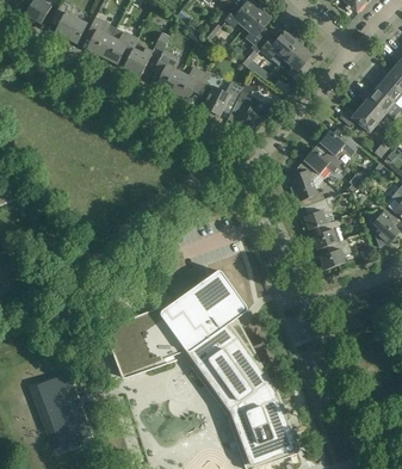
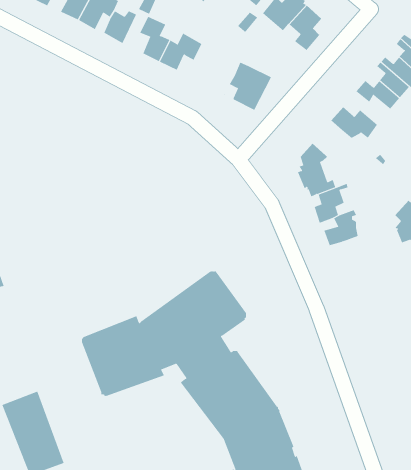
building: [203,81,243,116] -> none
building: [303,148,342,175] -> none
building: [320,239,352,270] -> none

